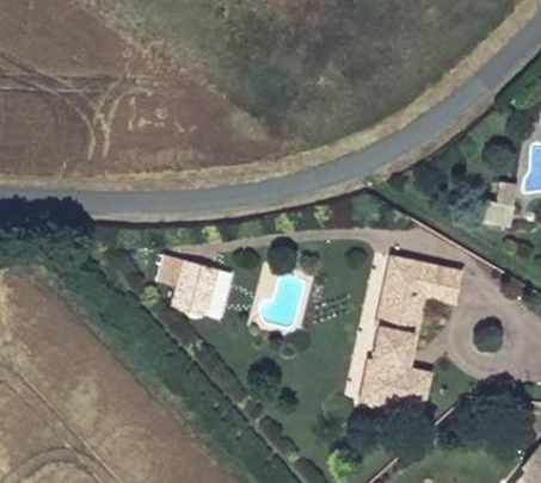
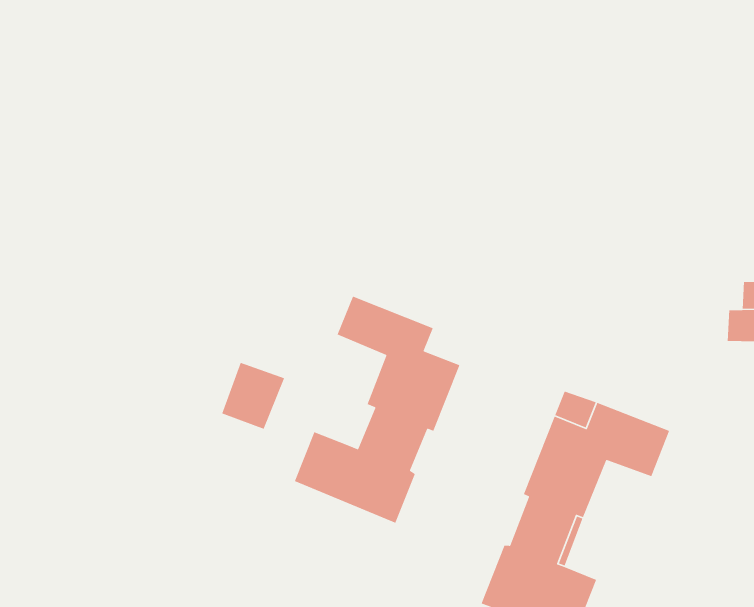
building: none -> [294,295,460,524]

